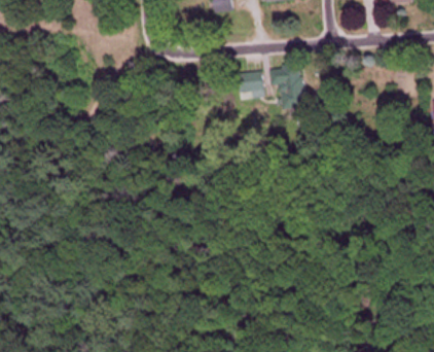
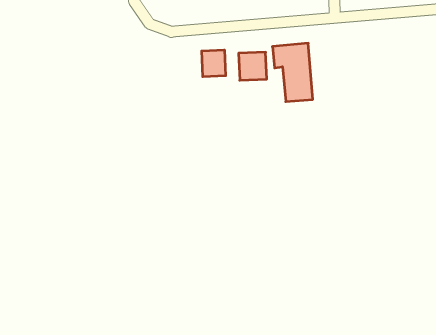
building: none -> [202,50,226,77]

